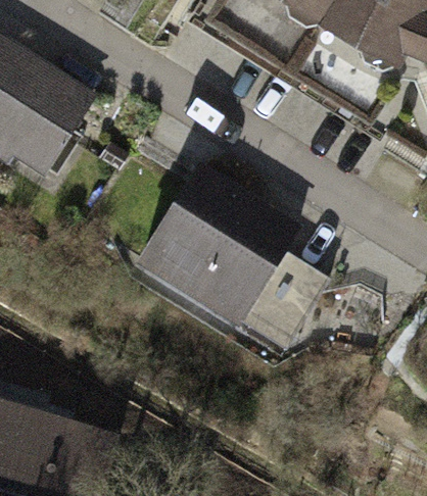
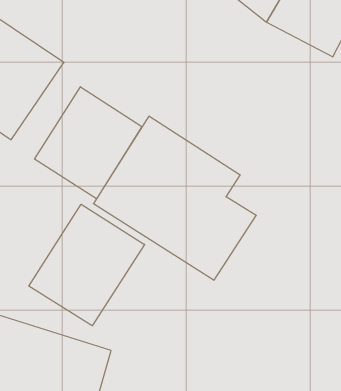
building: none -> [35,87,142,199]
building: none -> [29,204,145,326]

